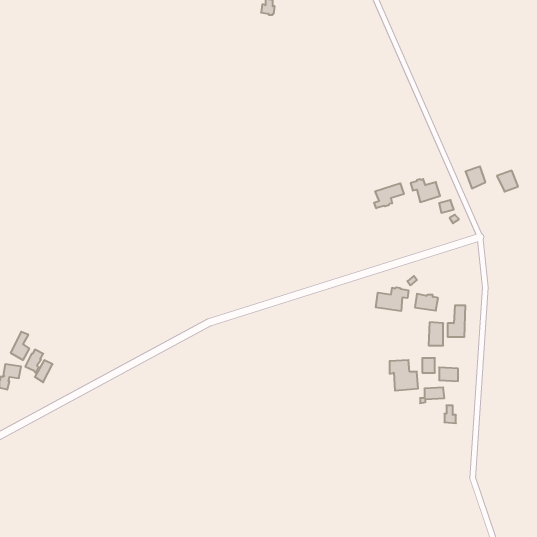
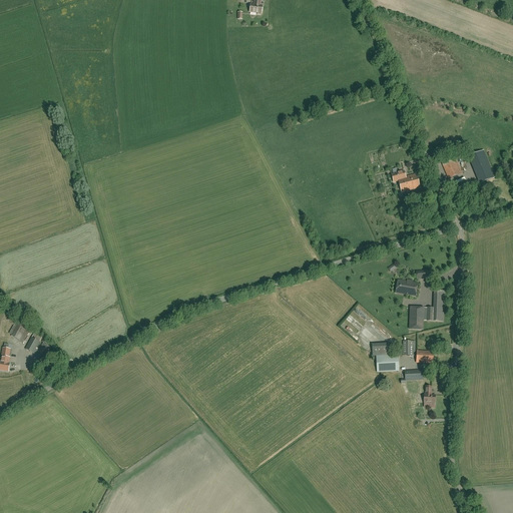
building: [374,183,404,208] -> none
building: [376,287,408,311] -> none

